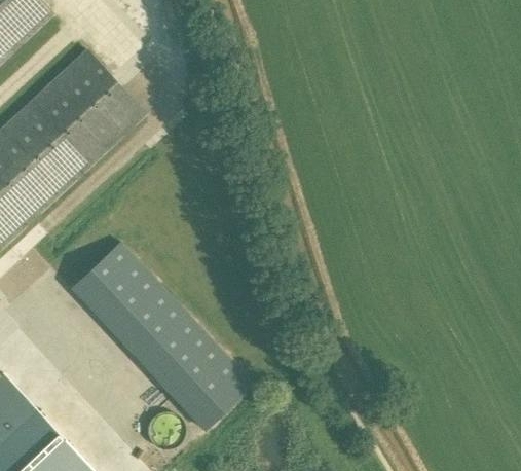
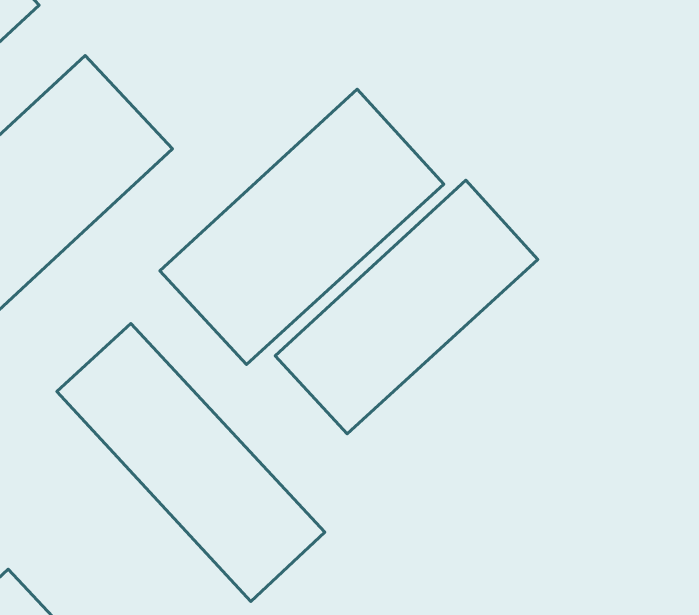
building: none -> [160,89,444,364]
building: none -> [275,180,538,434]

